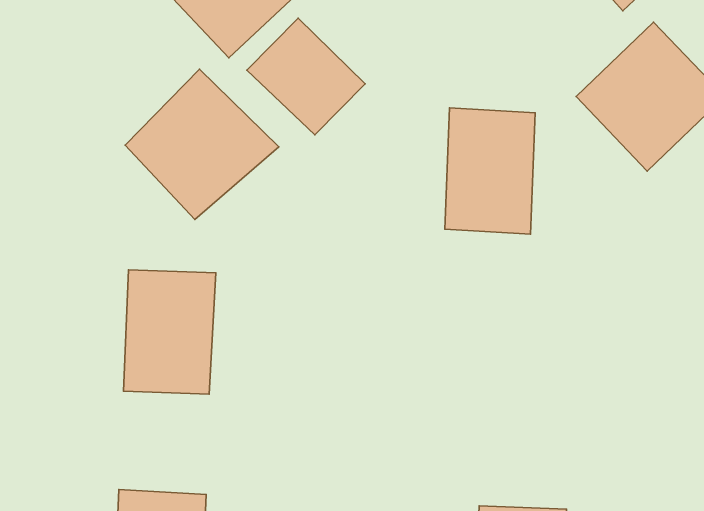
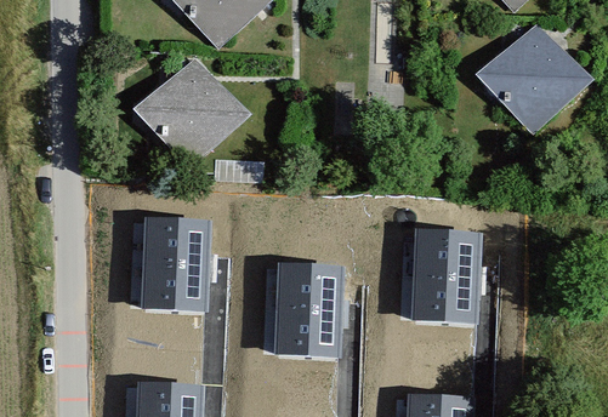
building: [247,18,365,135] -> none
building: [445,108,535,234] -> [411,227,479,321]
building: none -> [273,261,342,355]

